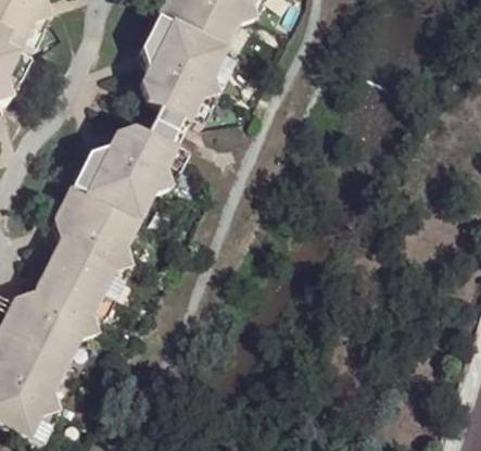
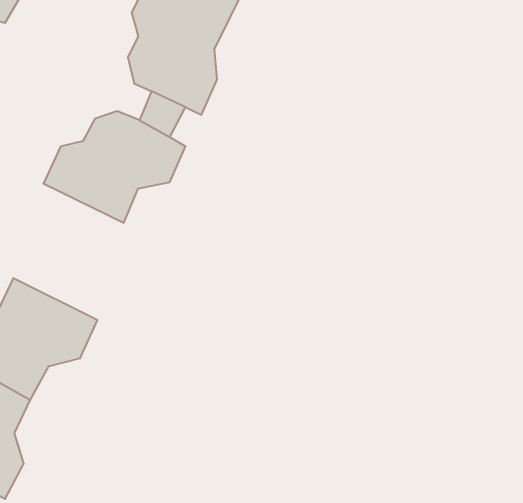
building: [45,185,136,298] -> none

